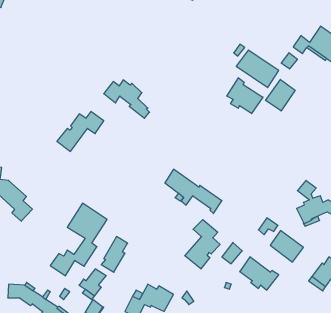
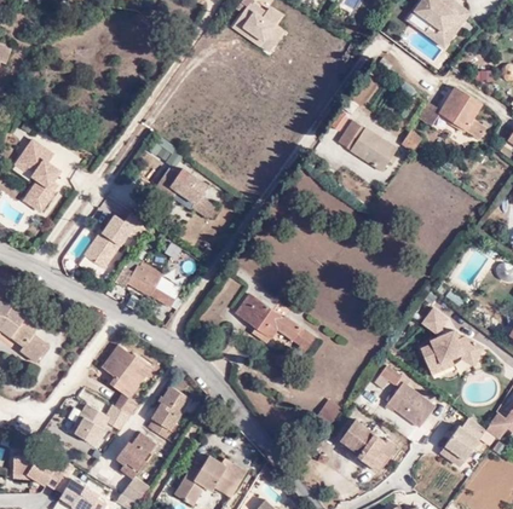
building: none -> [18,137,64,209]
building: [227,78,263,114] -> none
building: [266,79,295,111] -> none
building: none -> [113,260,179,312]
building: [185,220,220,269] -> none

